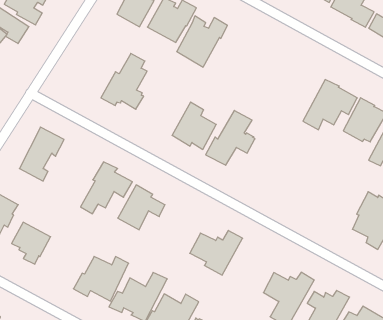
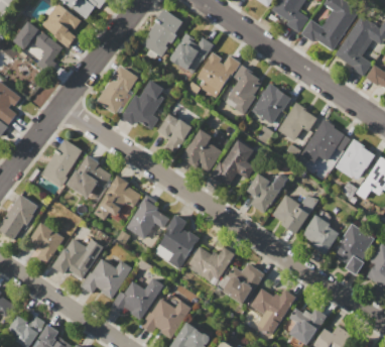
building: none -> [227,65,260,115]
building: none -> [96,65,139,114]
building: none -> [251,83,290,123]
building: none -> [277,102,317,141]
building: none -> [158,113,192,154]
building: none -> [68,154,111,198]
building: none -> [247,172,288,213]
building: none -> [272,194,318,236]
building: none -> [301,214,340,254]
building: none -> [158,214,200,268]
building: none -> [52,238,93,281]
building: none -> [220,262,265,305]

